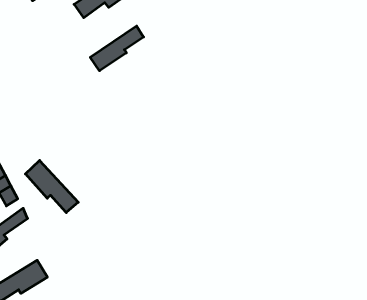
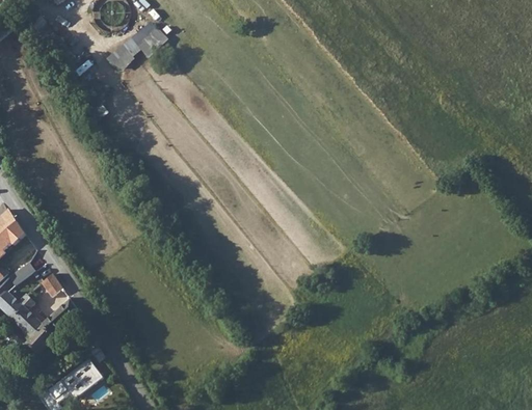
building: [90,26,144,71] -> none
building: [25,160,78,213] -> none

